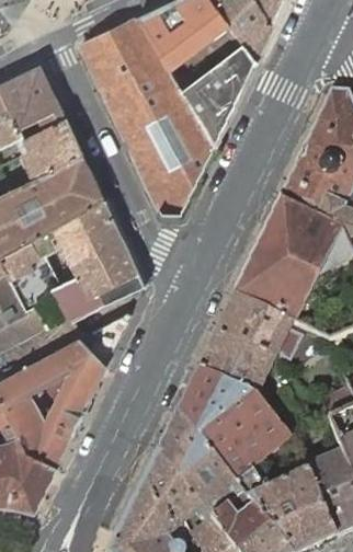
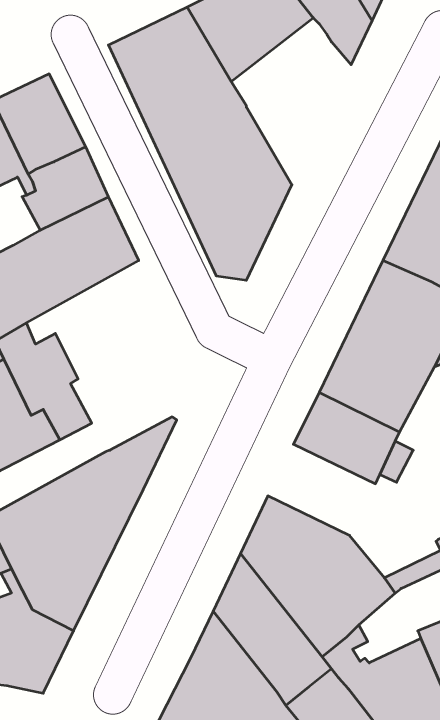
building: [181,39,257,142] -> none
building: [22,197,145,320] -> none
building: [196,330,274,395] -> none

